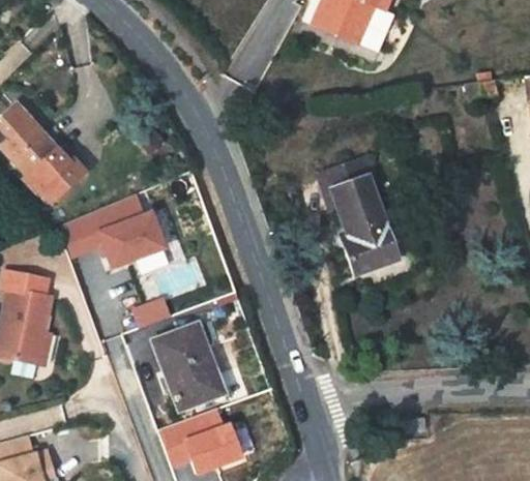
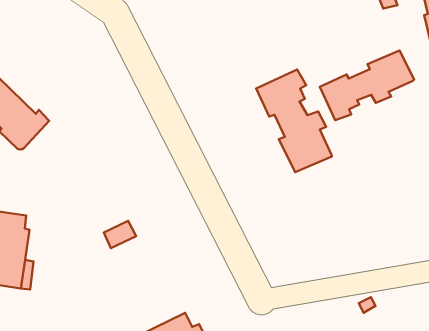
building: none -> [320,50,414,120]
building: [61,197,166,268] -> none
building: [156,325,217,408] -> none

